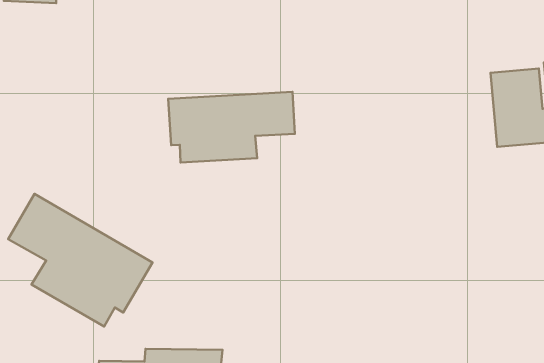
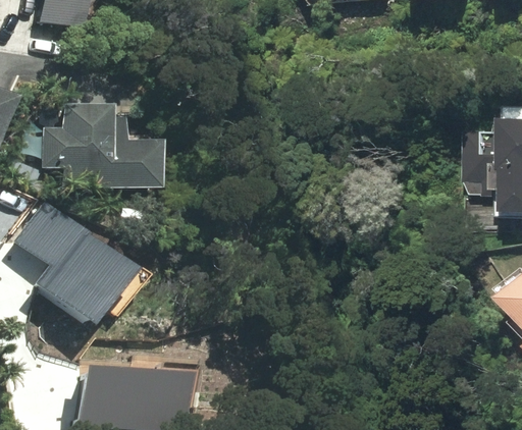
building: none -> [41,103,152,193]
building: [168,92,295,162] -> none

